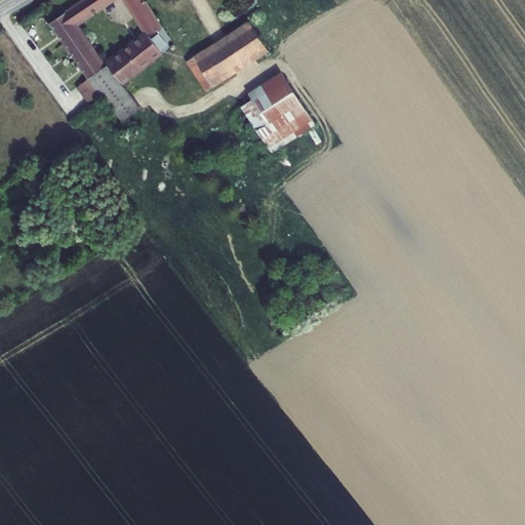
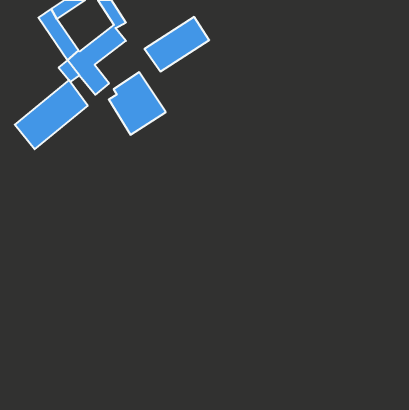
building: [242,73,315,153] -> [109,72,166,135]
building: none -> [15,80,88,149]

